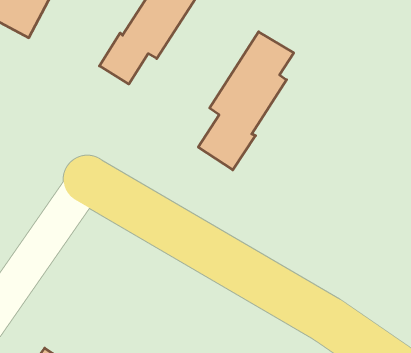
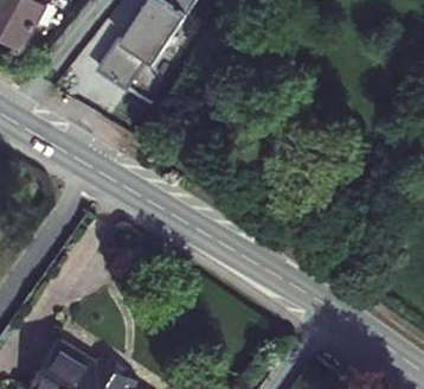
building: [198,32,294,170] -> none

